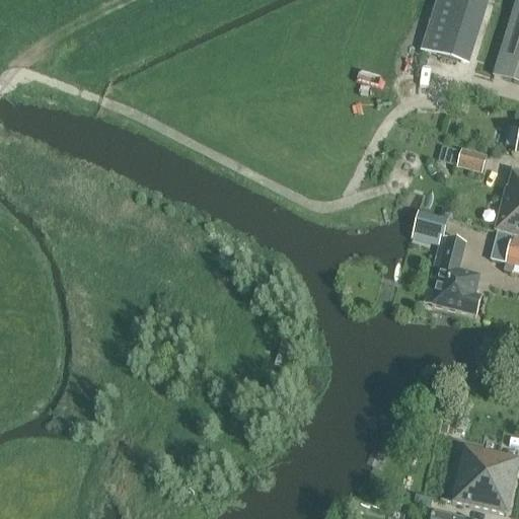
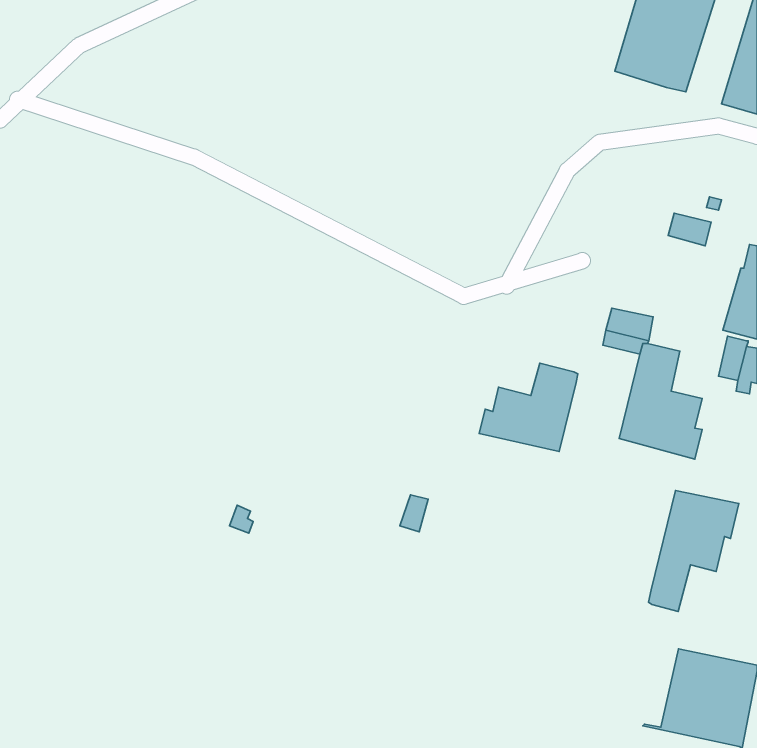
building: none -> [479,363,578,451]
building: none -> [649,491,739,612]

